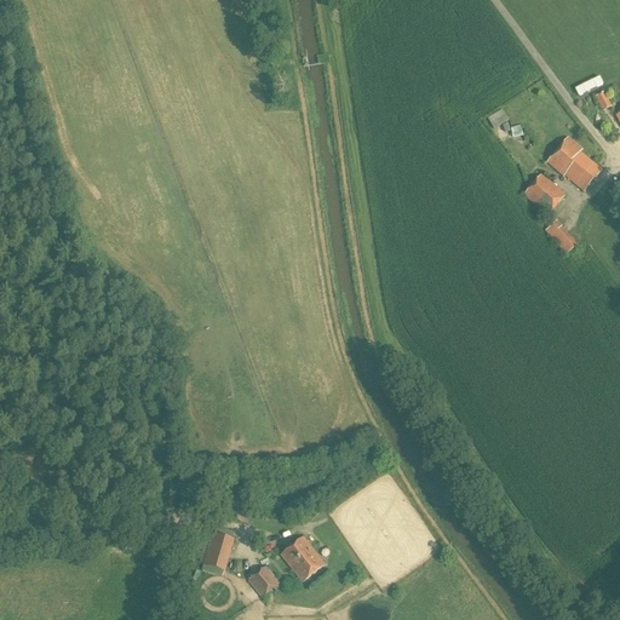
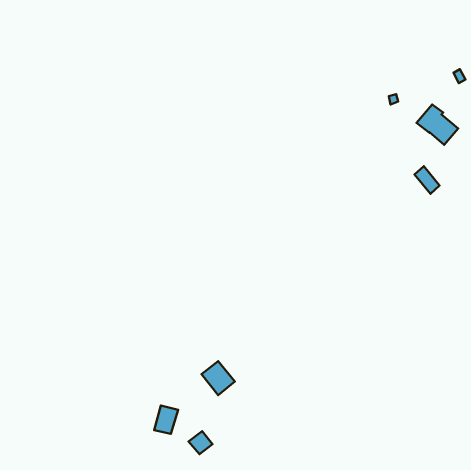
building: [523,173,564,214] -> none
building: [280,536,323,581] -> [202,361,235,395]

